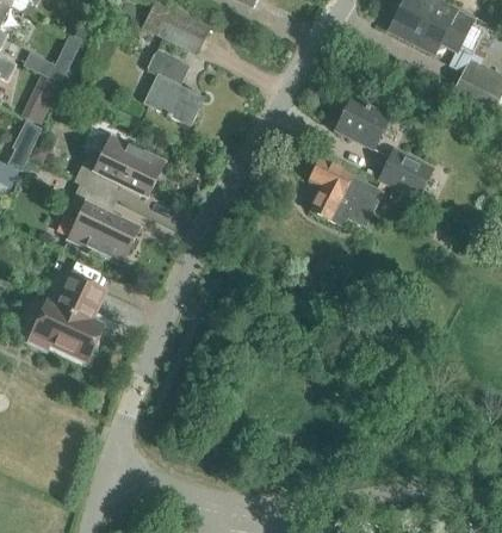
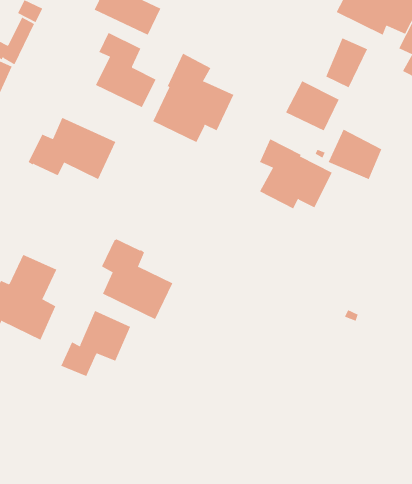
building: none -> [326,38,368,88]
building: none -> [153,53,234,143]
building: [67,180,140,265] -> [101,236,173,320]
building: none -> [61,310,131,377]

